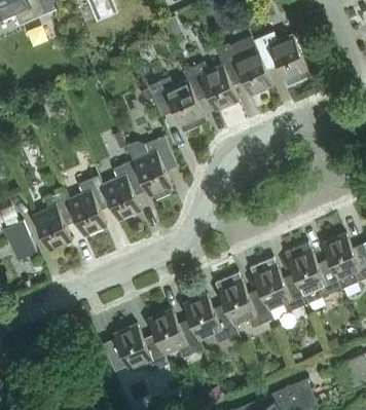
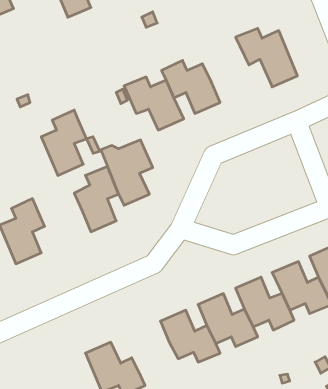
building: [215,41,272,97] -> none
building: [67,176,109,236] -> [41,110,86,175]
building: [147,309,203,359] -> none

